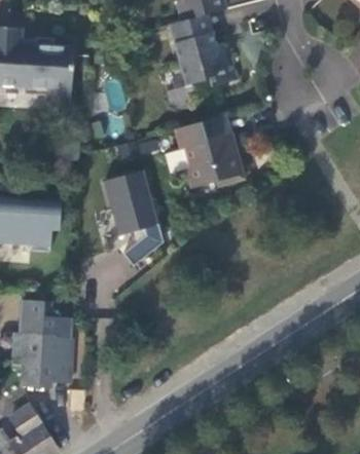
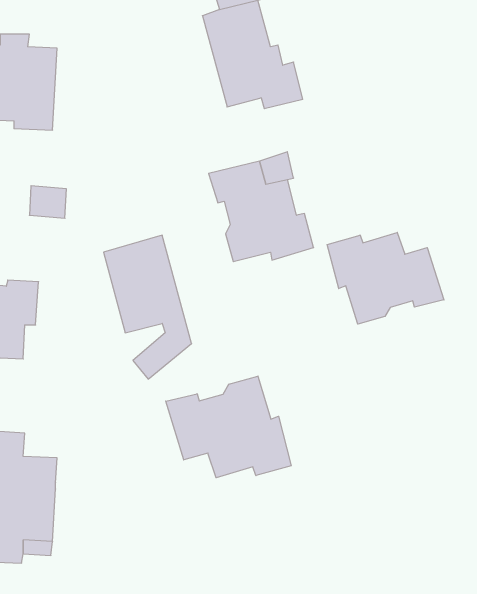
building: none -> [327,232,444,324]
building: none -> [166,376,291,478]

